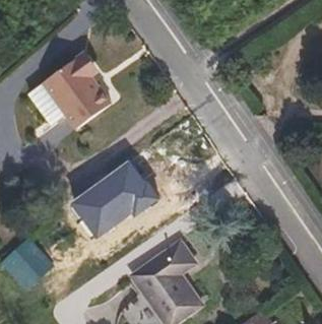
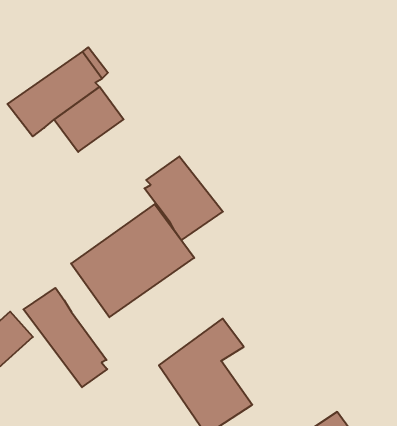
building: none -> [144,156,223,240]
building: none -> [23,288,107,387]

